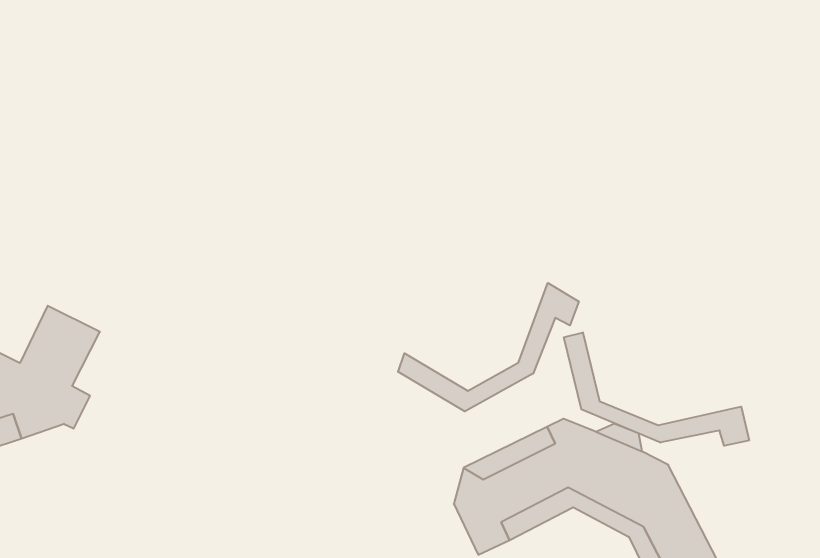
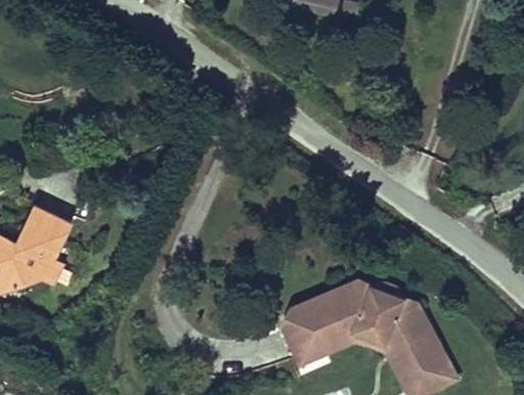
building: [398,283,579,411] -> none
building: [564,332,749,446] -> none

